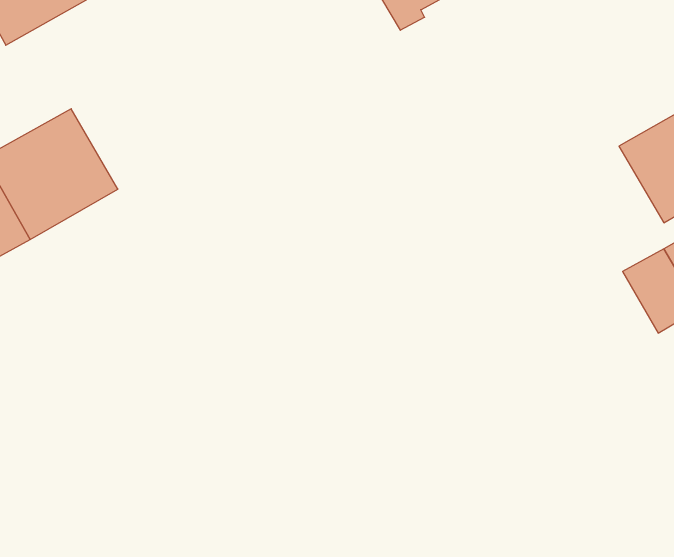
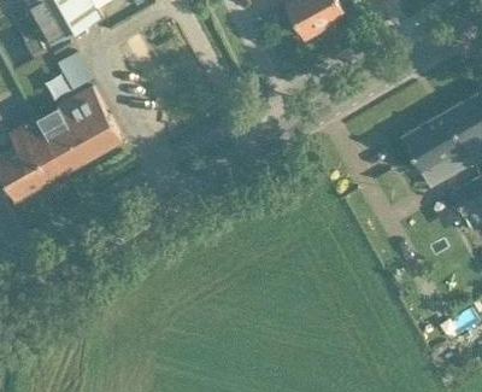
building: none -> [55,48,92,88]
building: none -> [401,111,474,186]

